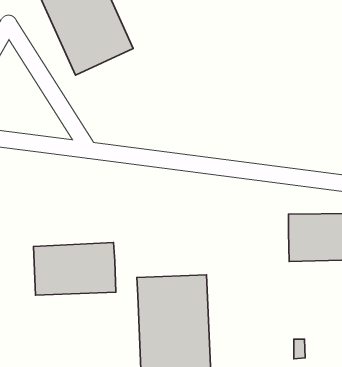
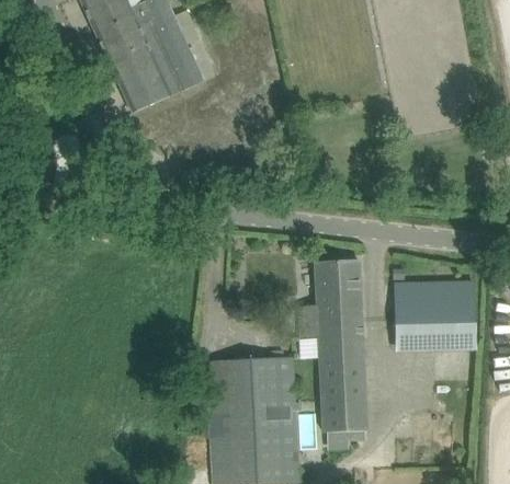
building: none -> [299,261,369,433]
building: [33,243,116,295] -> none

